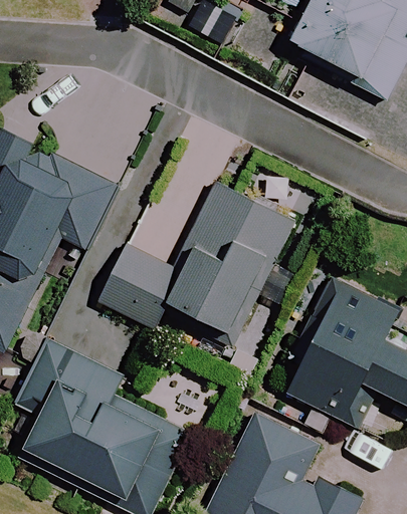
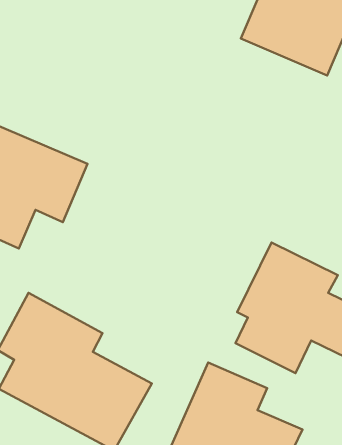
building: [96,185,293,339] -> none

